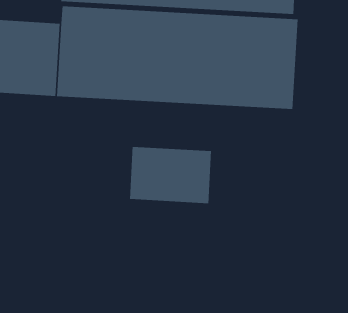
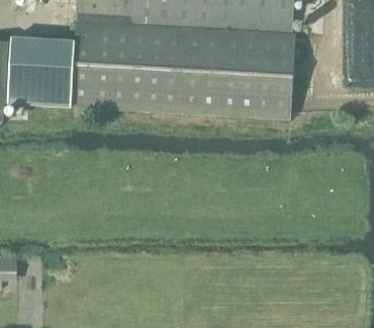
building: [130,146,211,204] -> none

